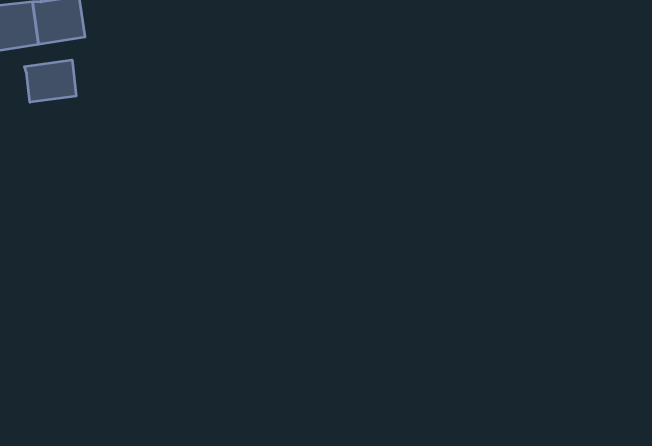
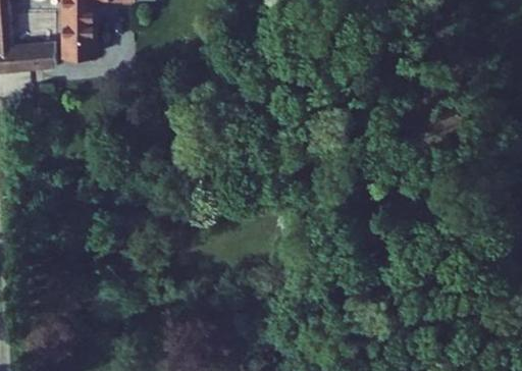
building: [24,60,76,102] -> none

